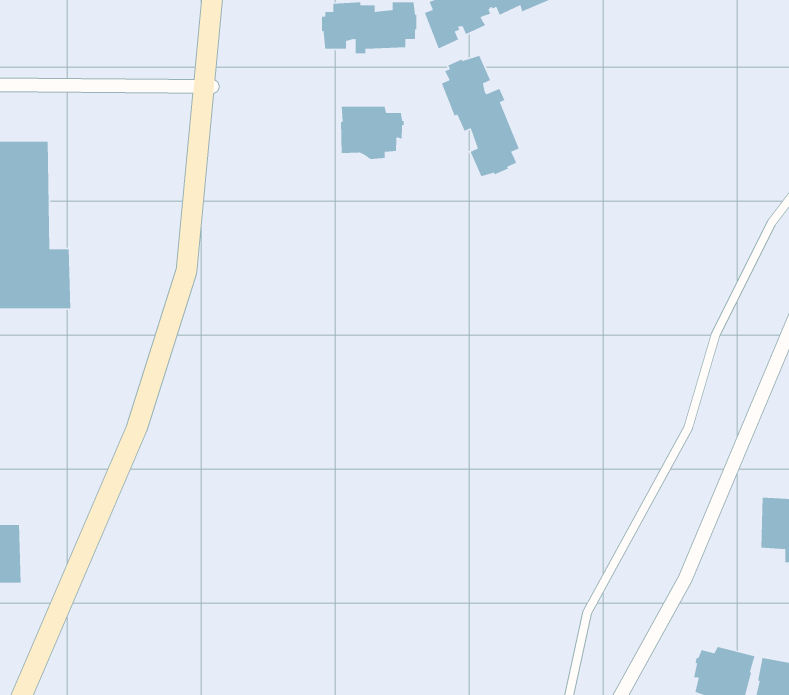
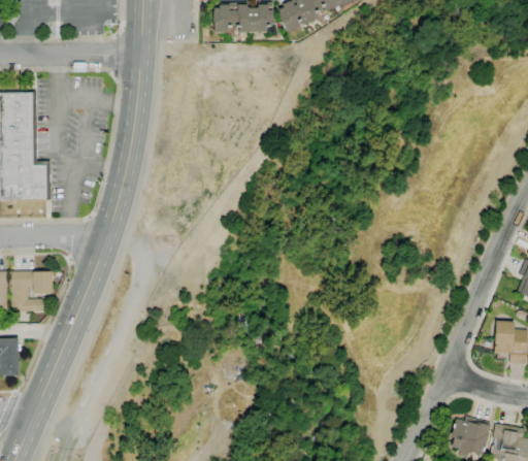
building: [441,55,520,177] -> none
building: [340,106,404,160] -> none
building: none -> [11,271,53,311]

